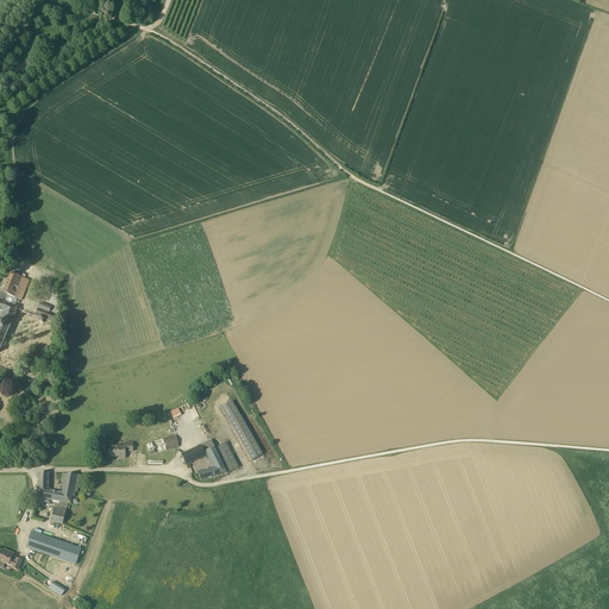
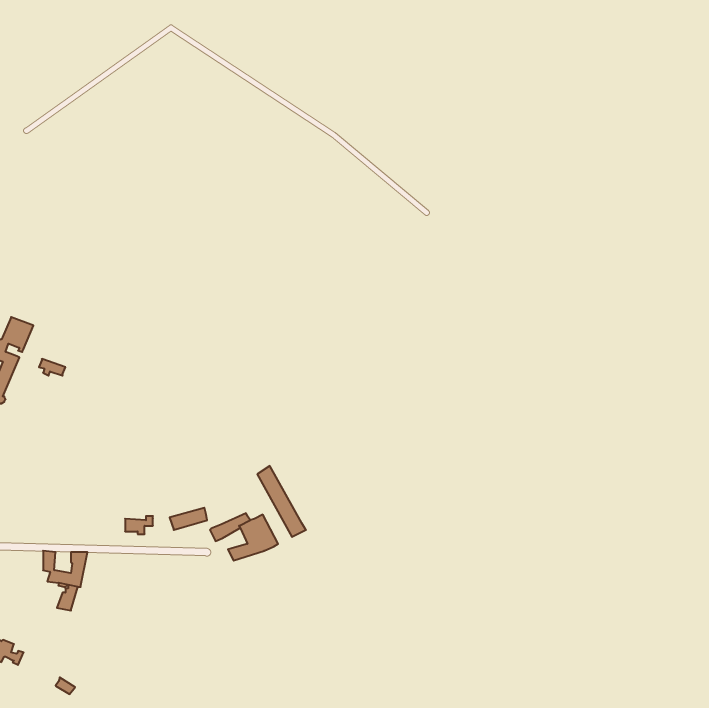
building: [25,529,80,563] -> none

